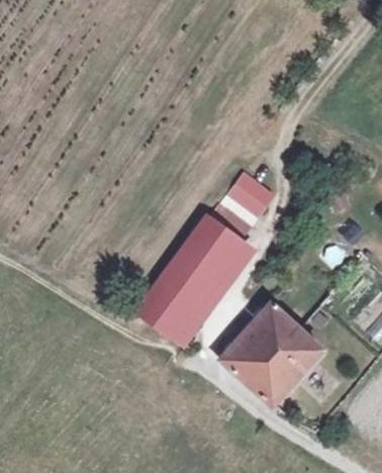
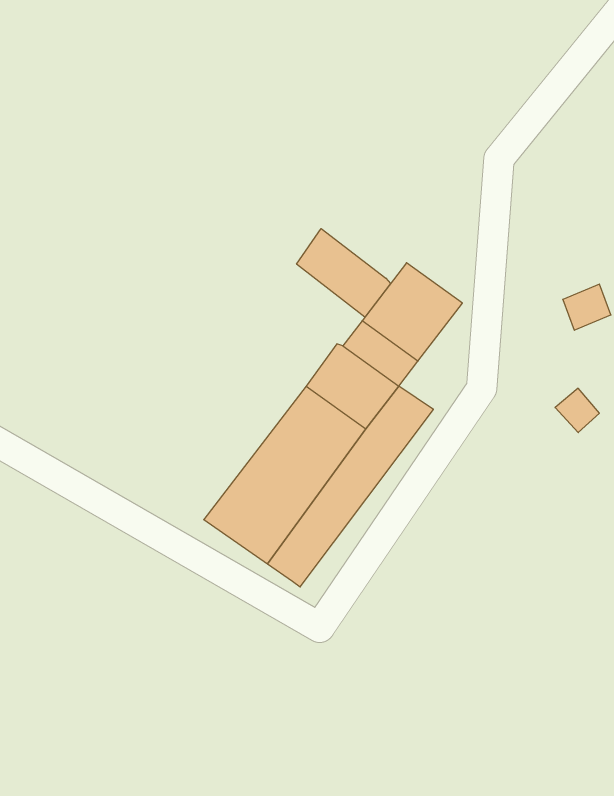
building: none -> [297,229,390,317]
building: [219,301,318,403] -> none

